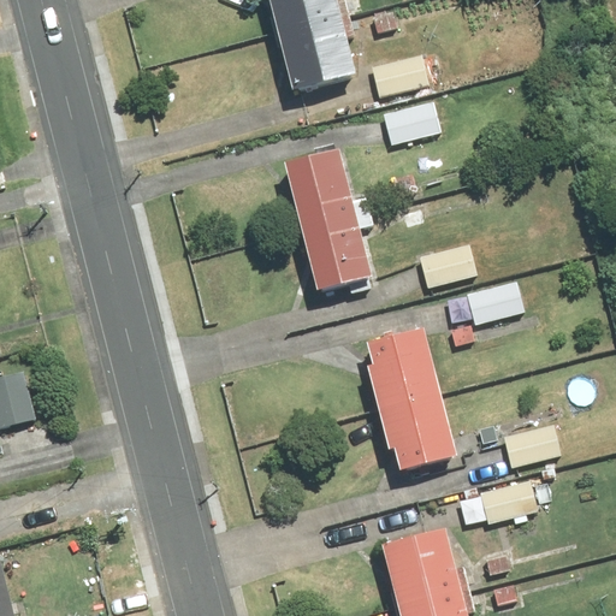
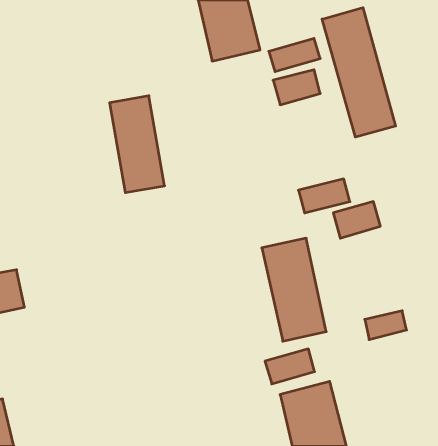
building: none -> [322,8,396,137]
building: [284,153,360,286] -> [110,96,165,193]
building: [473,476,541,525] -> [265,349,315,384]

